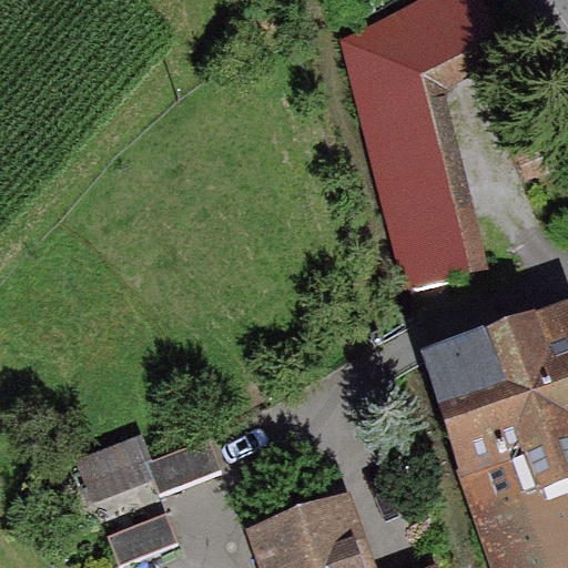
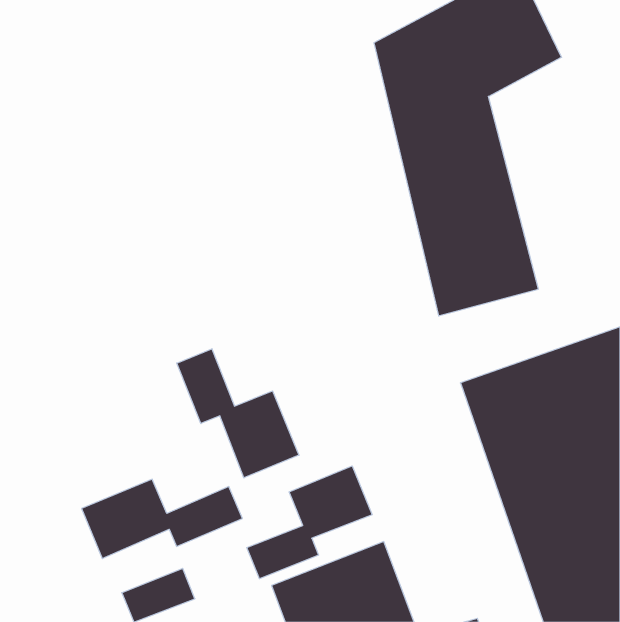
building: none -> [177,349,299,478]
building: none -> [247,466,372,579]

